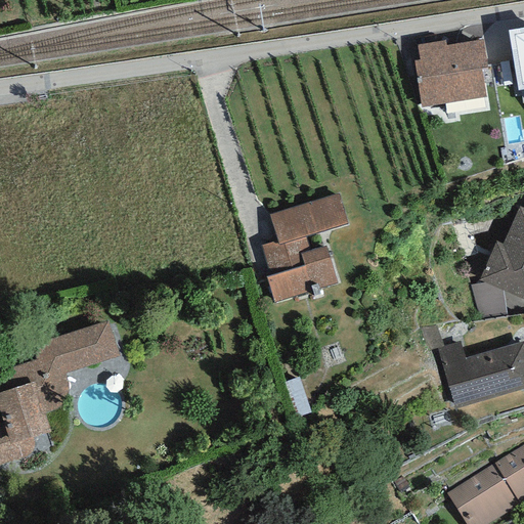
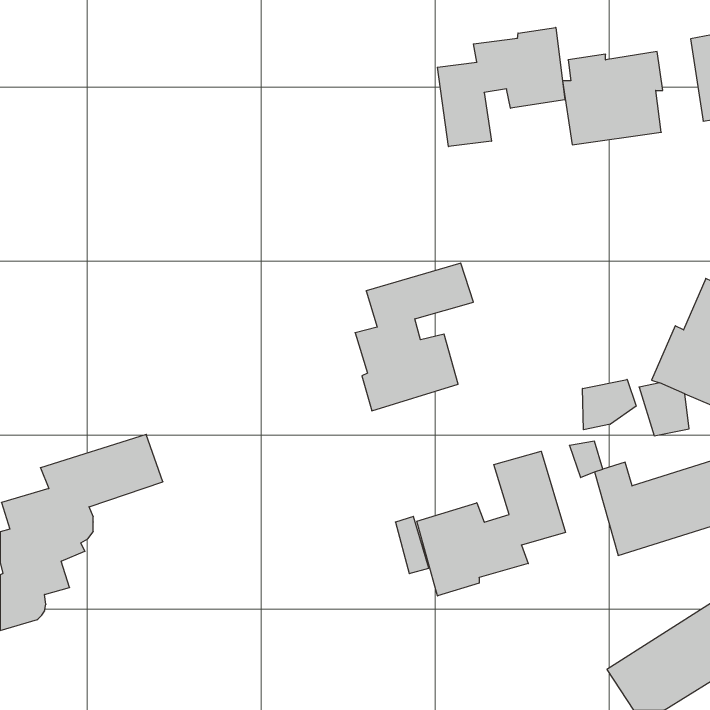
building: none -> [437,27,565,147]
building: none -> [583,379,636,430]
building: none -> [417,451,565,596]

